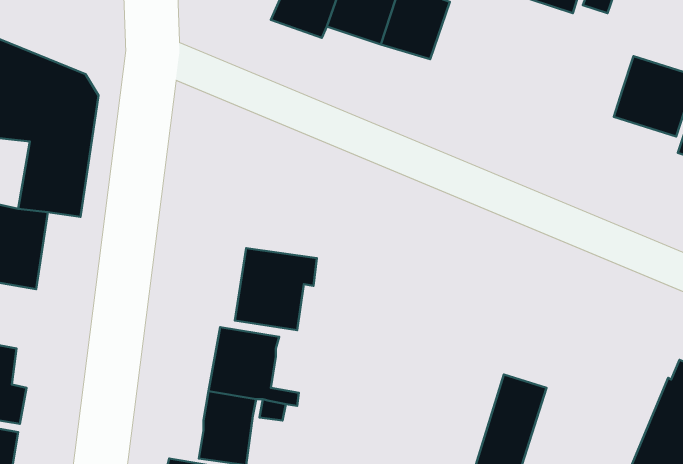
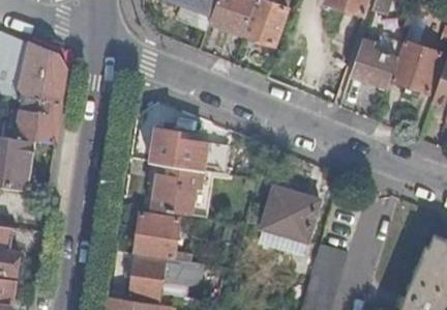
building: none -> [349,32,403,87]
building: none -> [150,128,207,169]
building: none -> [262,186,320,241]

